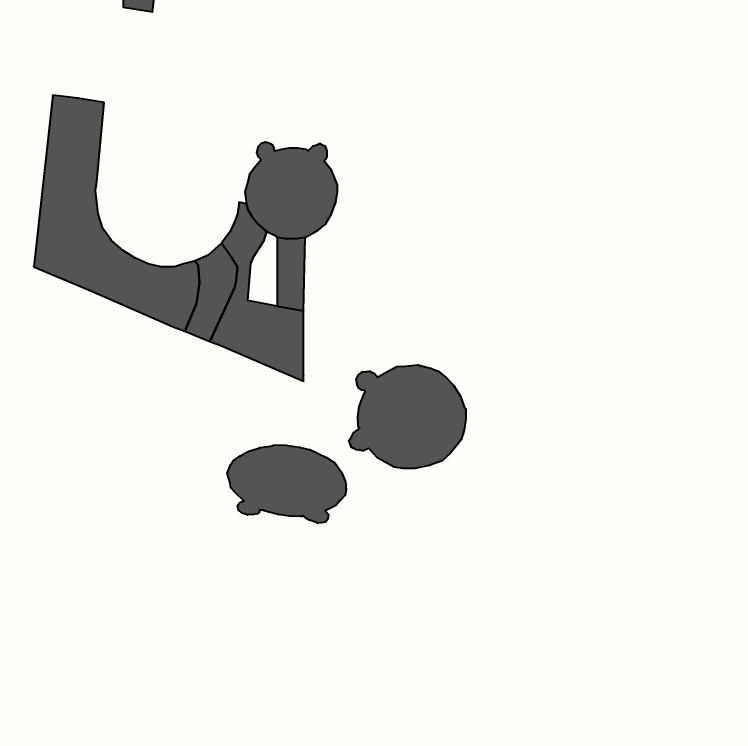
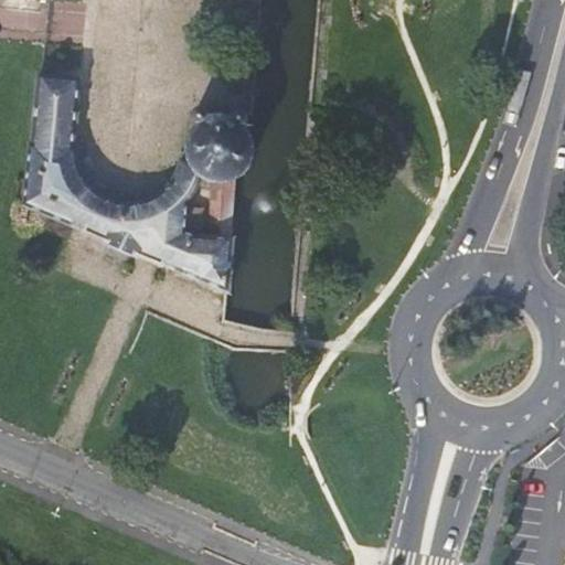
building: [349,365,466,468] -> none
building: [227,445,346,523] -> none

